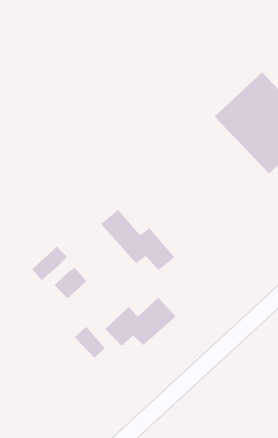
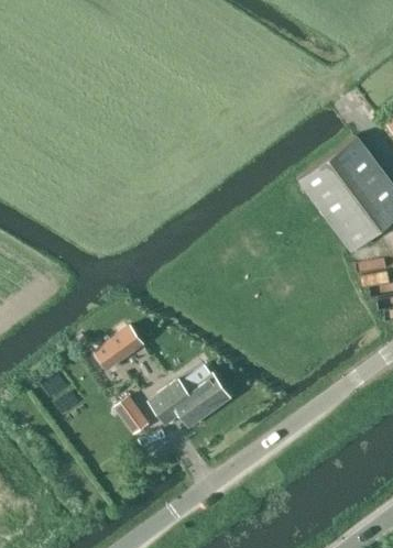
building: [100,209,175,271] -> none
building: [32,246,68,281] -> none

